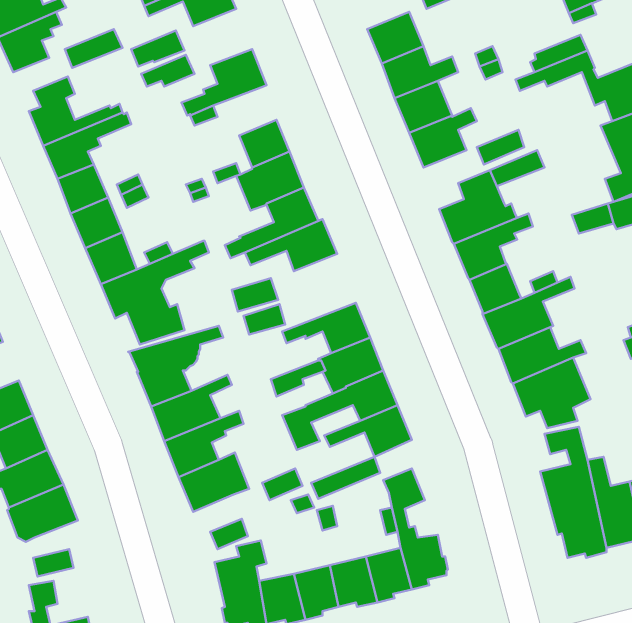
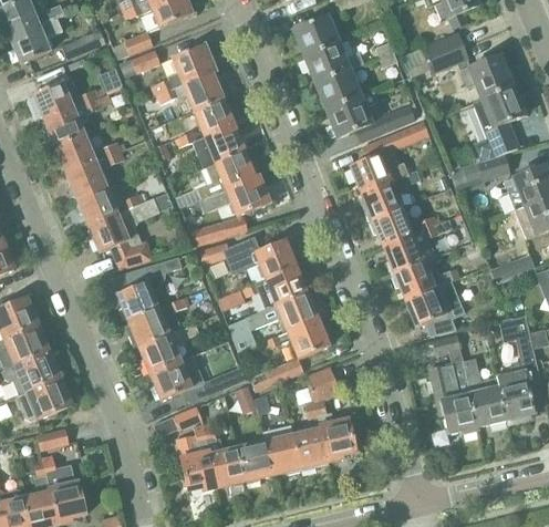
building: none -> [184,73,224,111]

